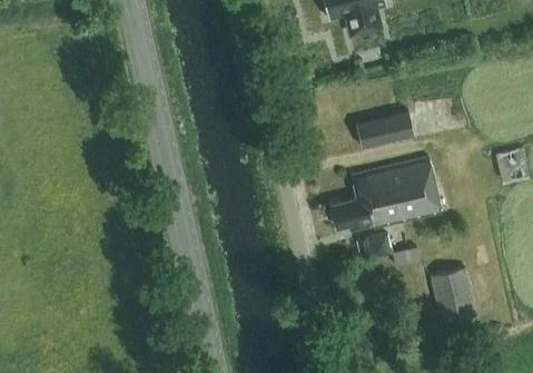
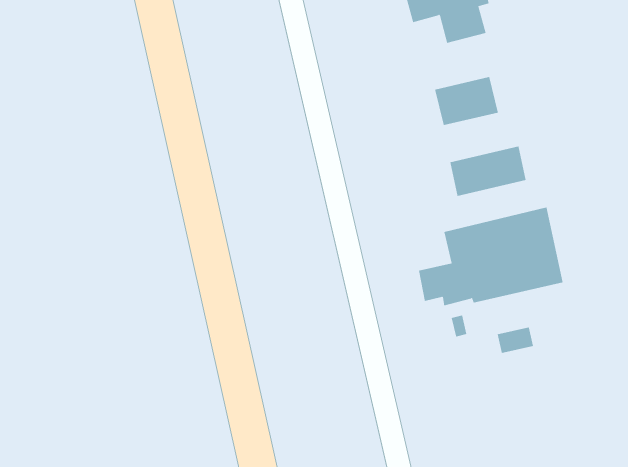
building: none -> [434,76,498,126]
building: [430,268,477,325] -> none

